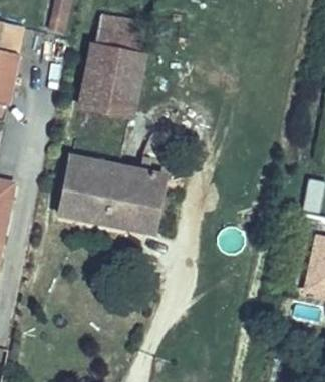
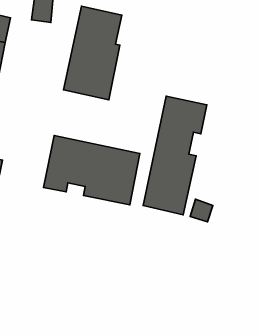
building: none -> [143,96,207,215]

